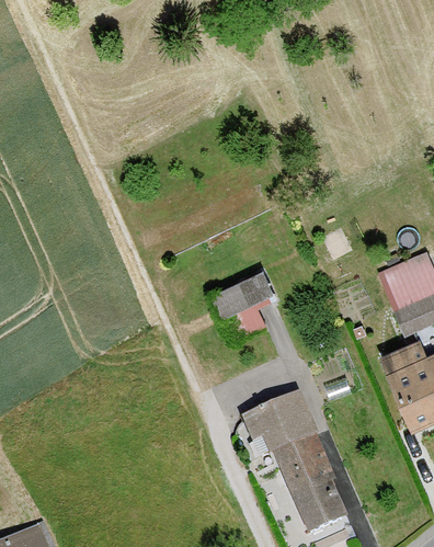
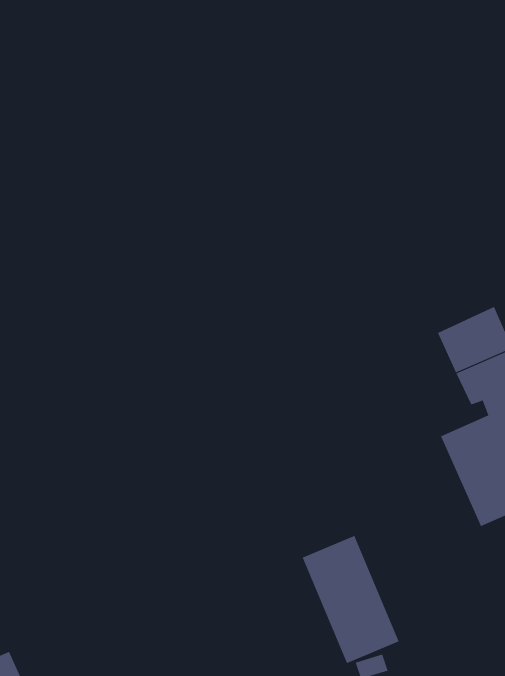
building: [212,271,275,342] -> none
building: [241,394,315,451] -> none

